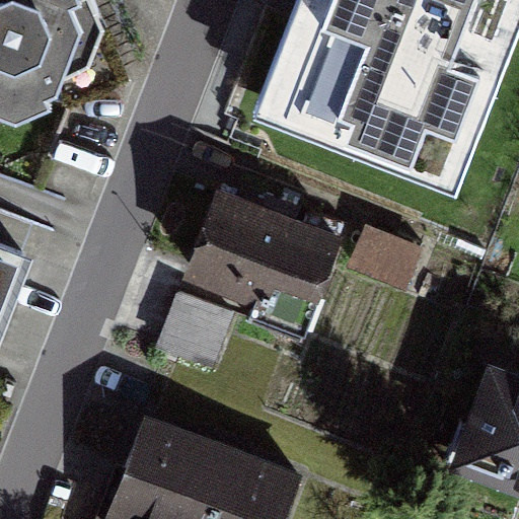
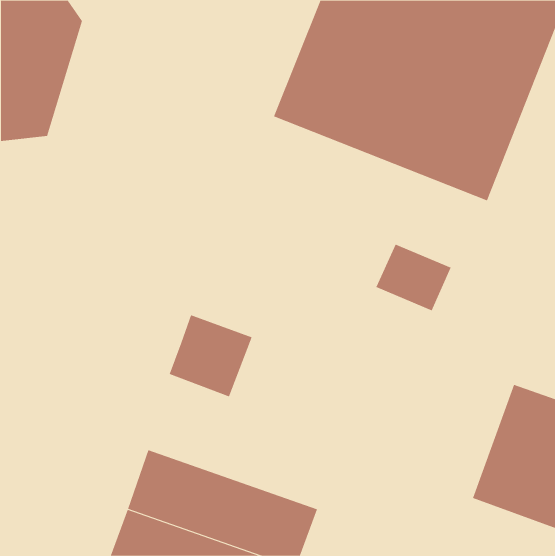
building: [184,195,342,328] -> none

